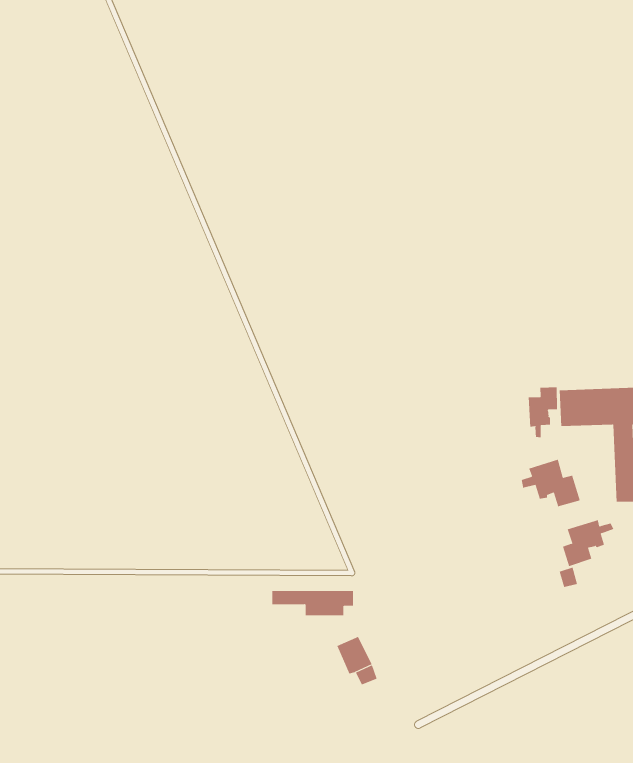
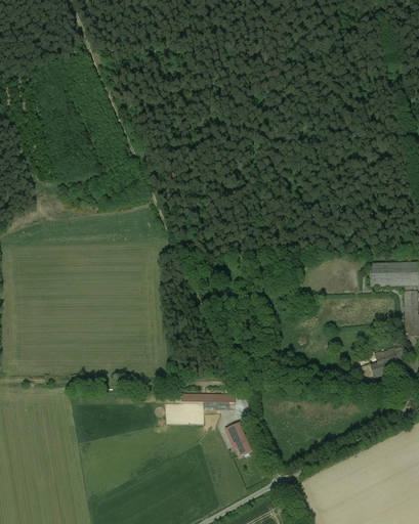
building: [528,387,558,438] -> none
building: [521,459,580,507] -> none

